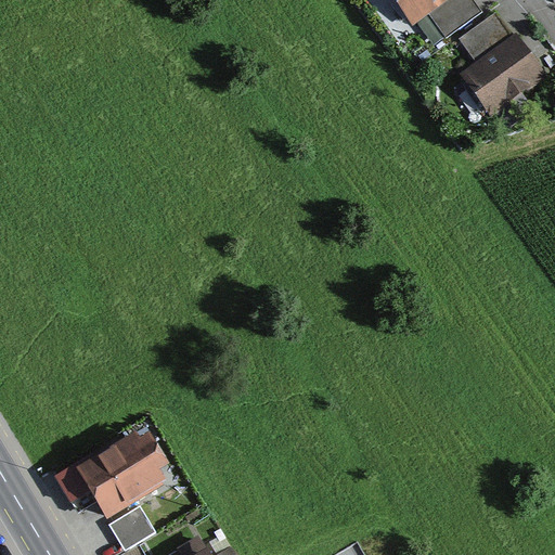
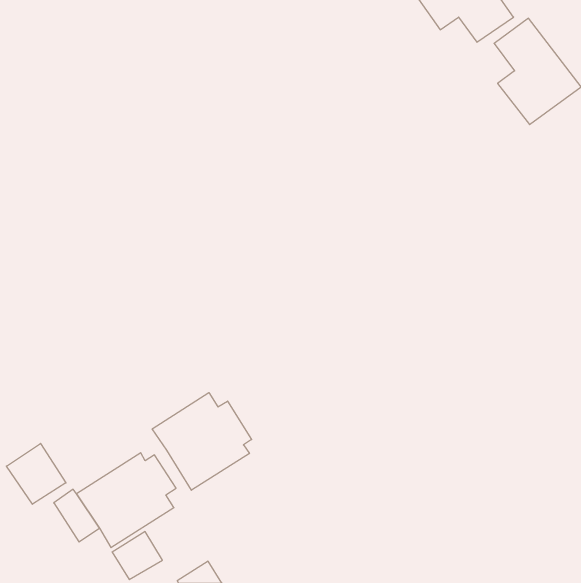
building: none -> [152,393,252,490]
building: none -> [6,443,66,504]

